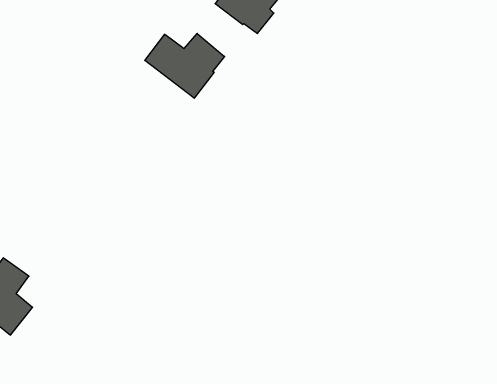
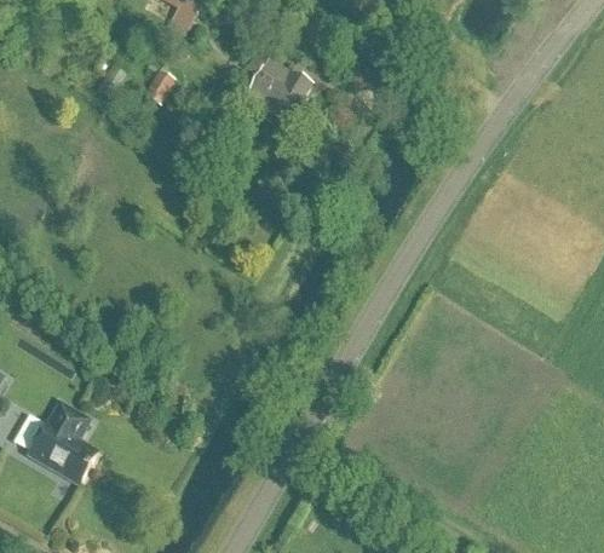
building: [145,33,225,98] -> none

